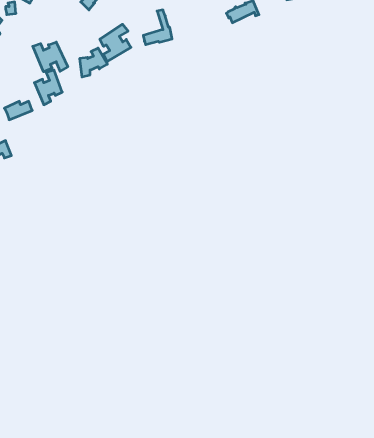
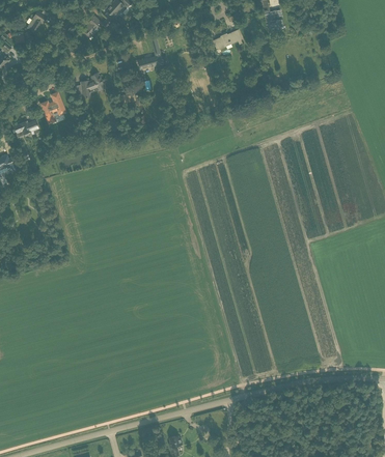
building: [100,24,131,62] -> none
building: [33,42,68,72] -> none

